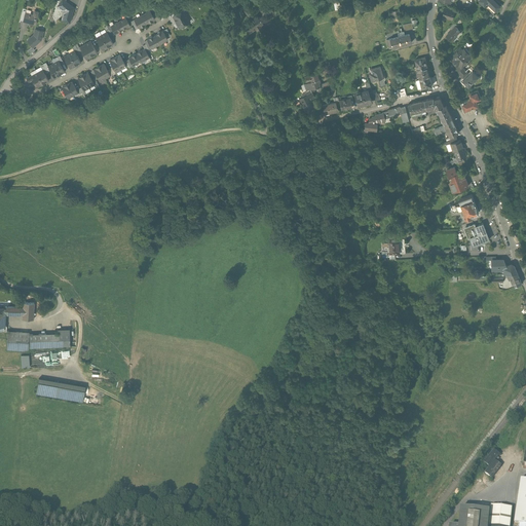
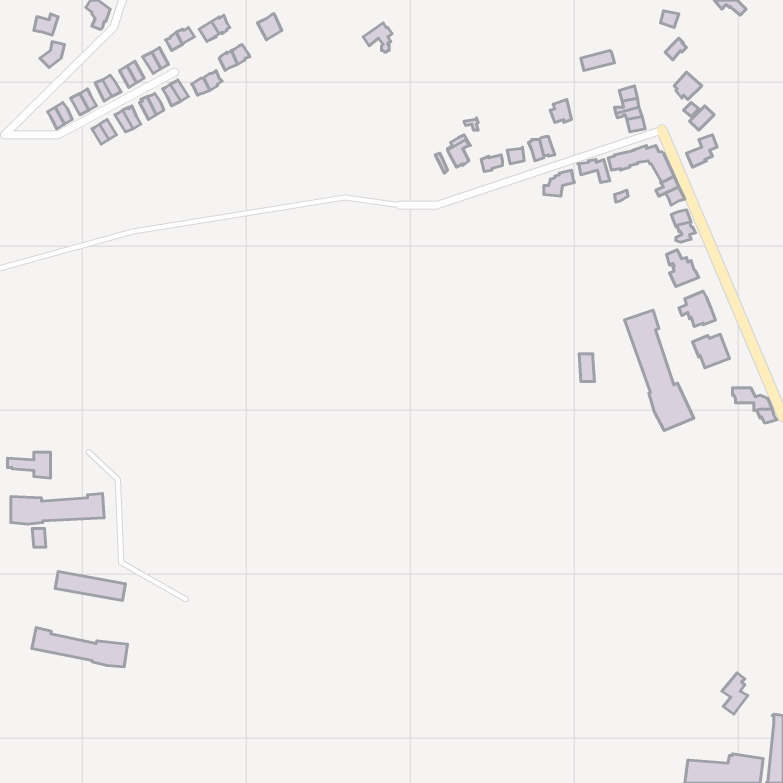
building: none -> [625,310,694,430]
building: none -> [32,628,127,667]

